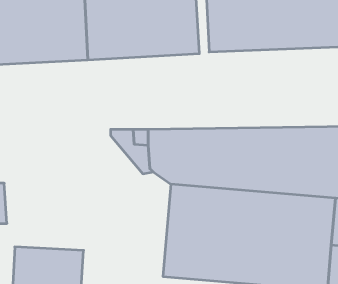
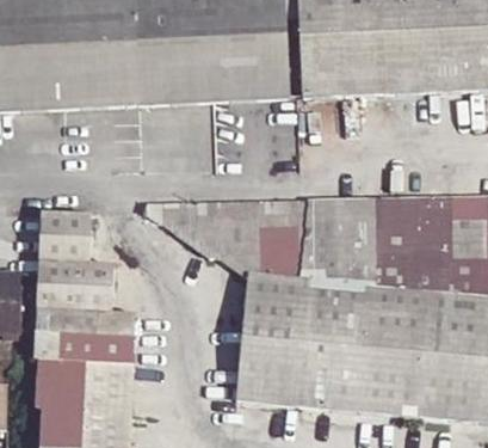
building: none -> [35,215,132,366]

